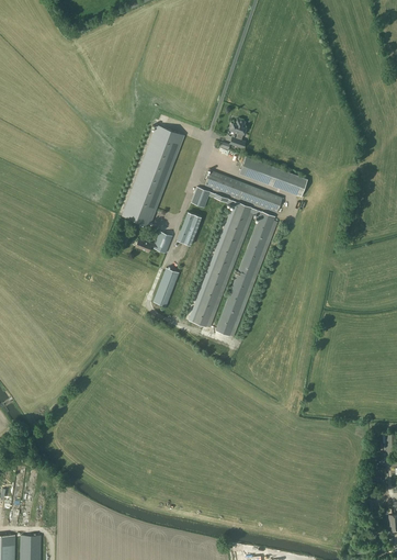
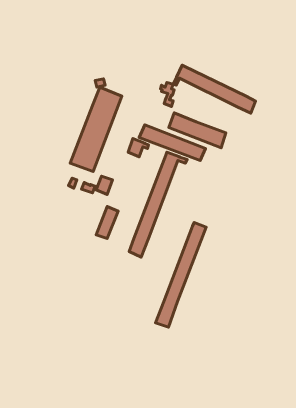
building: none -> [173,65,256,113]
building: [177,211,202,245] -> none
building: [215,211,275,336] -> [156,223,206,327]

